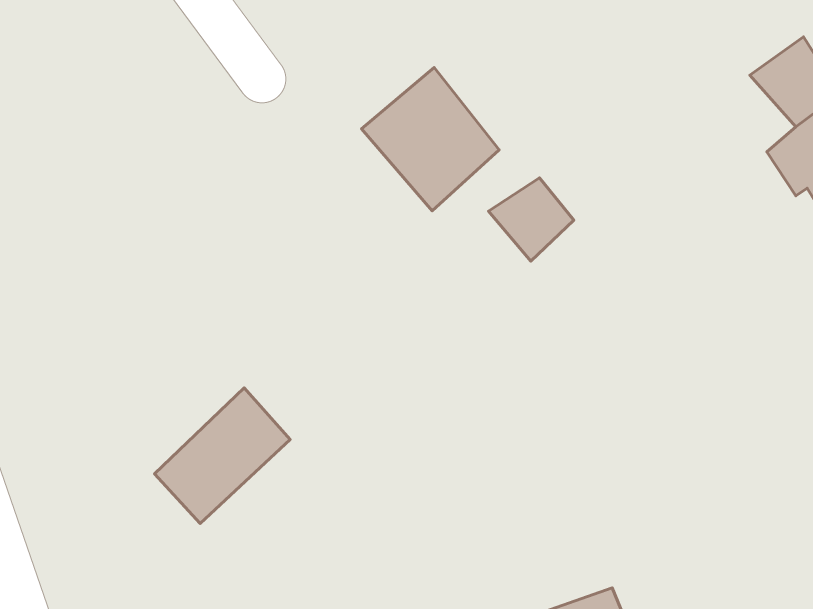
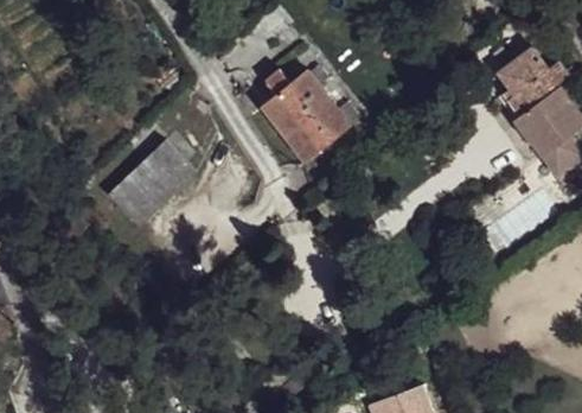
building: [489,178,574,261] -> none
building: [154,388,290,524] -> [111,138,196,222]

